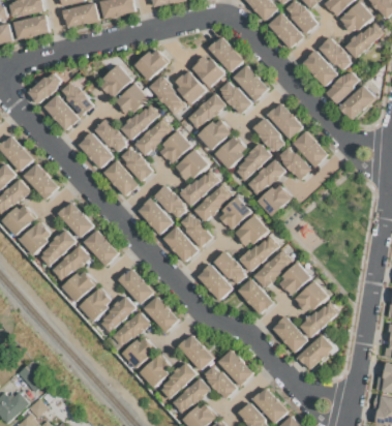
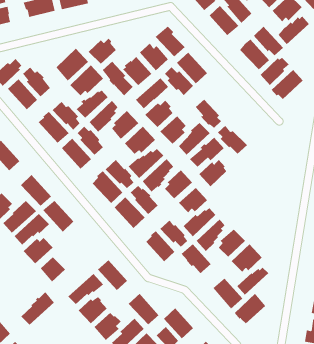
building: [267,102,302,139] -> none
building: [293,131,328,166] -> none
building: [119,268,154,304] -> none
building: [98,296,137,334] -> [20,291,55,326]

